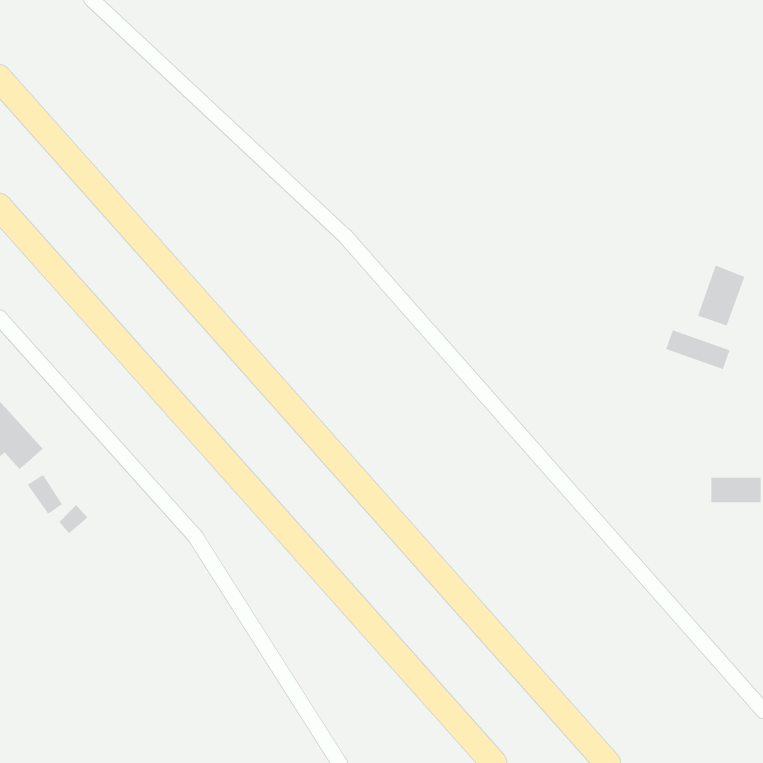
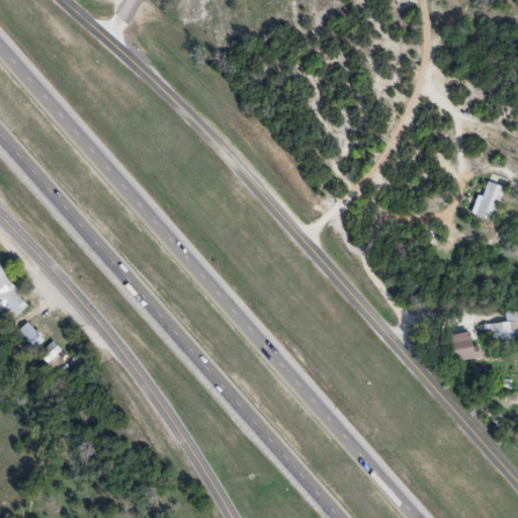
building: [665,329,730,370] -> none
building: none -> [450,331,481,361]

